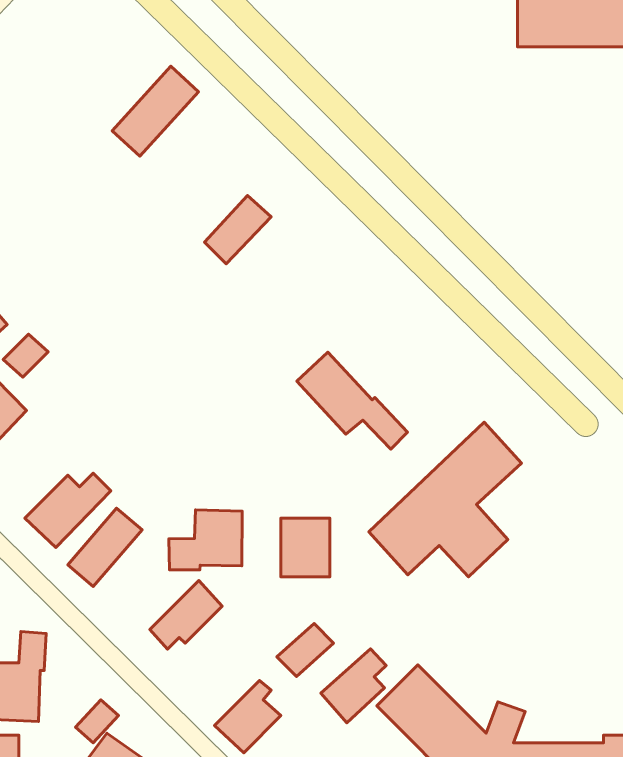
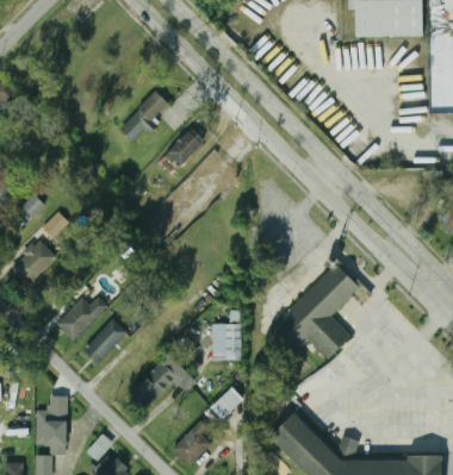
building: [112,66,198,156] -> [119,89,172,144]
building: [297,352,408,449] -> none
building: [169,510,242,570] -> none
building: [321,649,386,723] -> none

